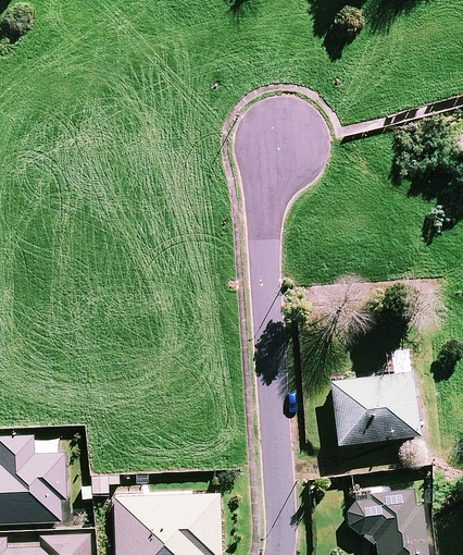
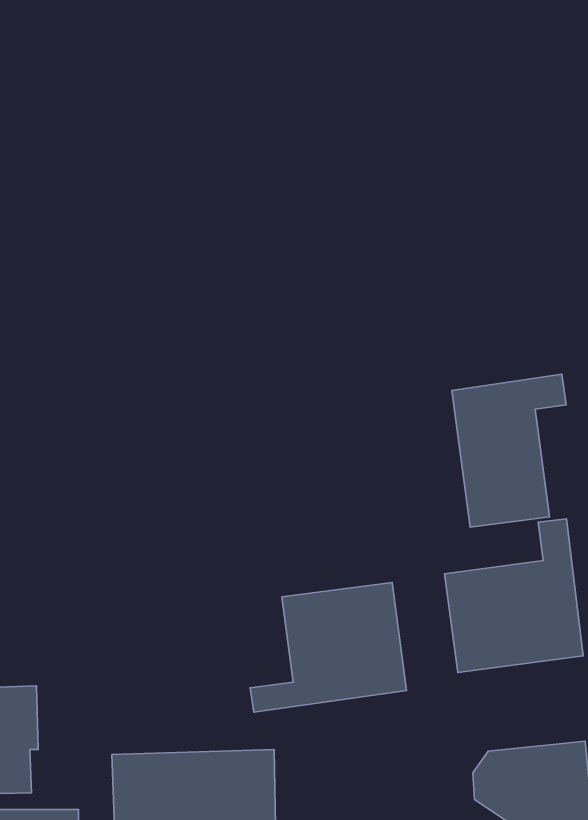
building: none -> [452,374,566,527]
building: none -> [250,582,407,712]

